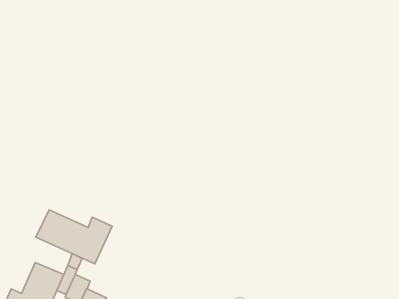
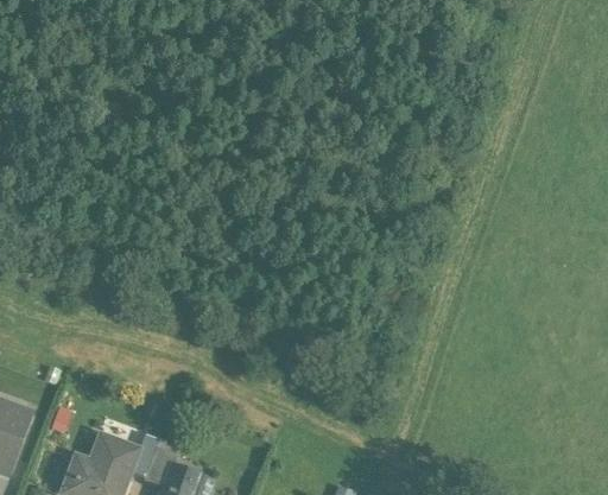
building: [36,210,112,264] -> none

